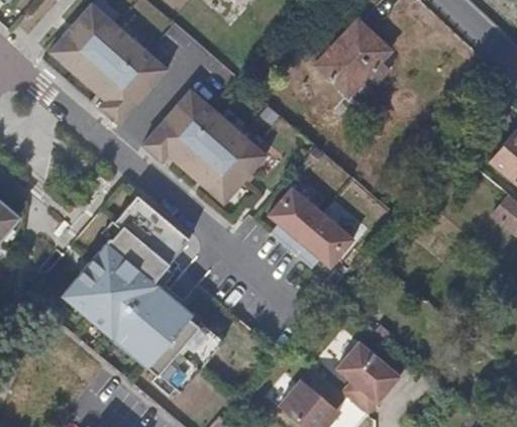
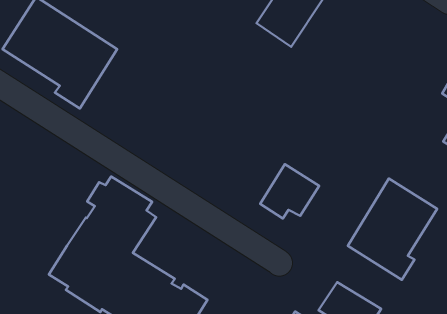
building: [142,90,268,205] -> none
building: [269,188,323,250] -> none
building: none -> [348,178,437,280]

